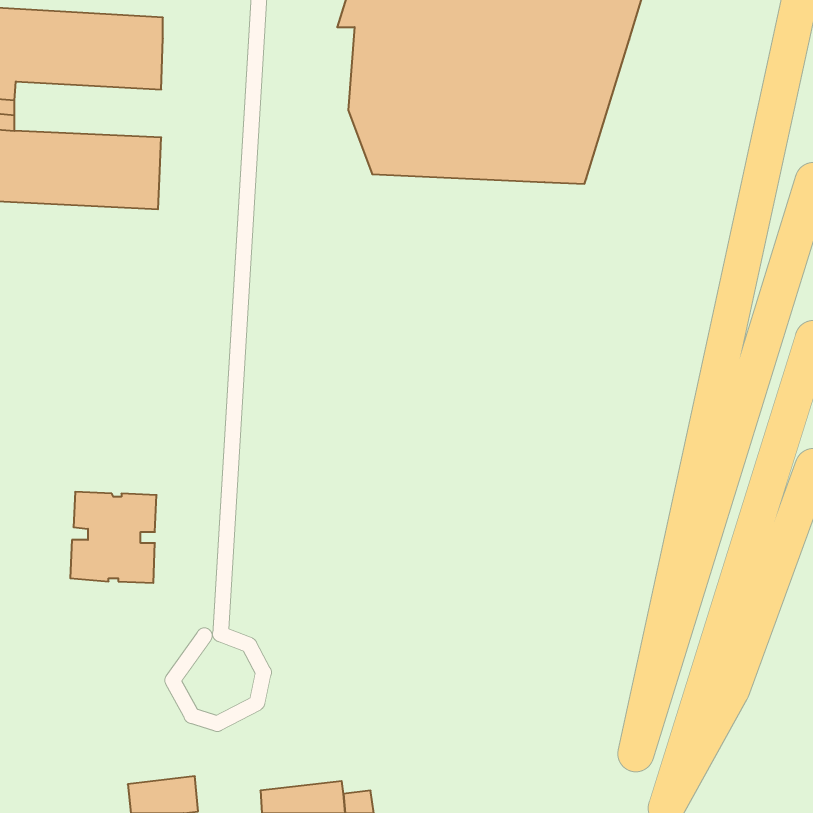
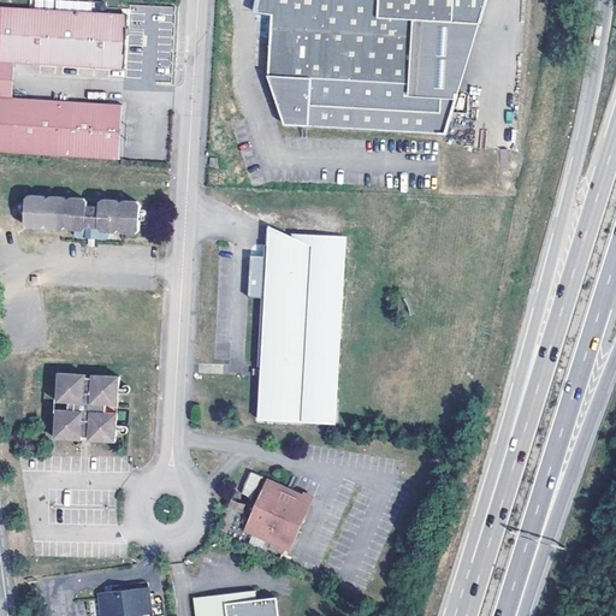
building: none -> [24,192,142,239]
building: none -> [256,227,344,427]
building: none -> [242,475,313,549]

